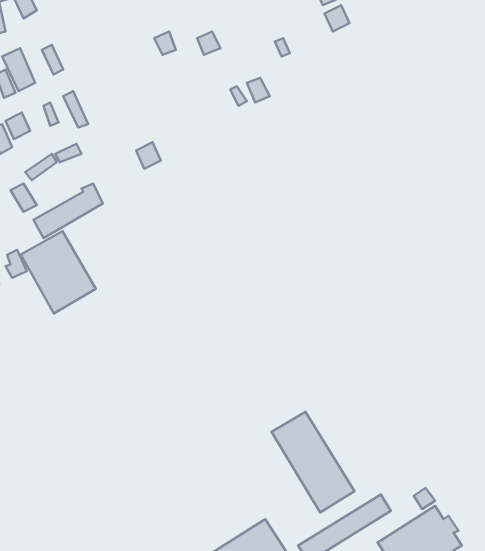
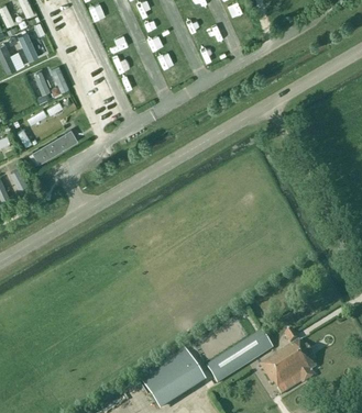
building: [21,231,96,313] -> none
building: [271,412,355,513] -> none

